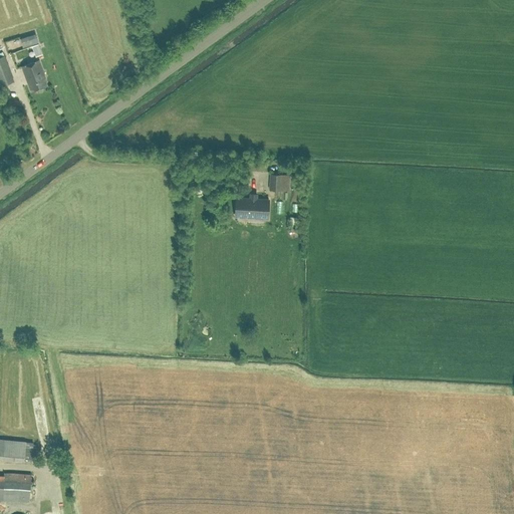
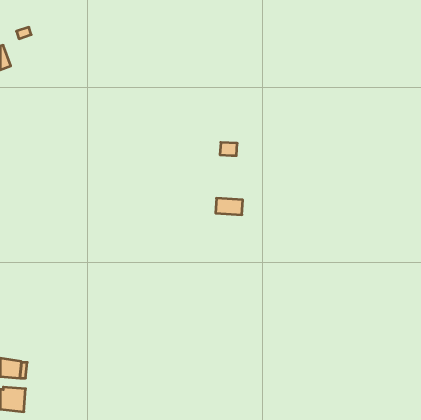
building: [21,61,47,92] -> none
building: [235,199,268,219] -> [216,198,243,215]

